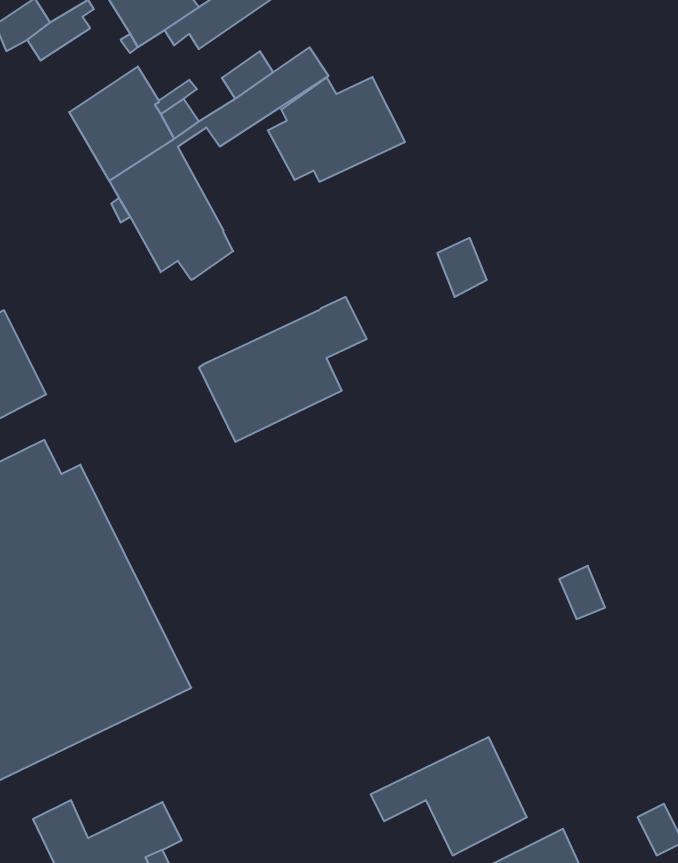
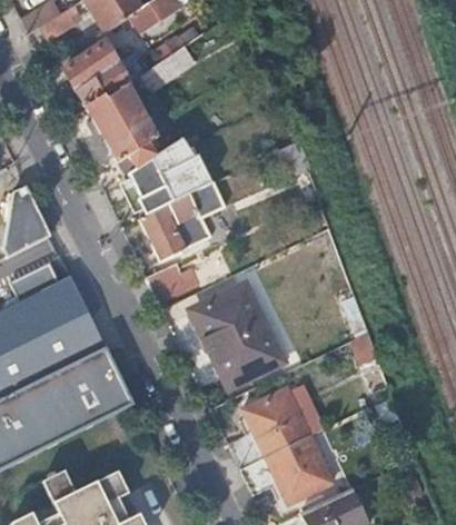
building: [268,77,405,182] -> [130,146,210,207]
building: none -> [147,259,190,299]
building: none -> [195,287,280,383]
building: none -> [234,386,309,466]

